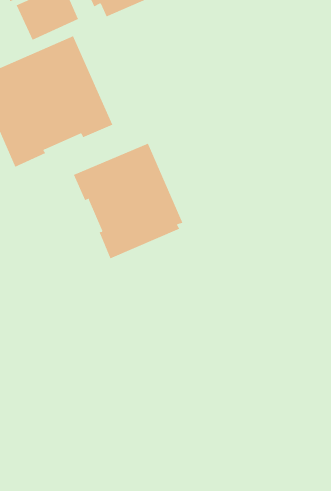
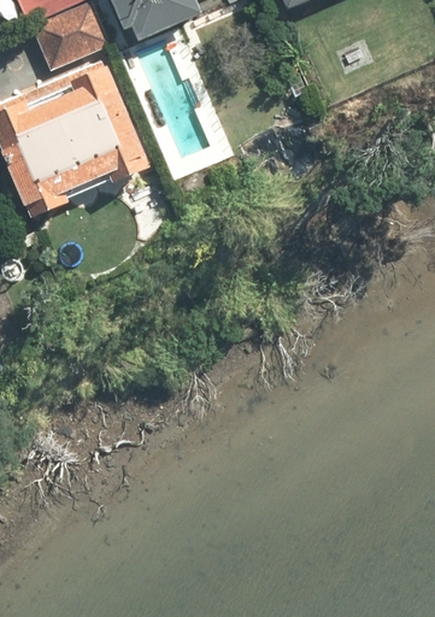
building: [73,143,183,259] -> none

